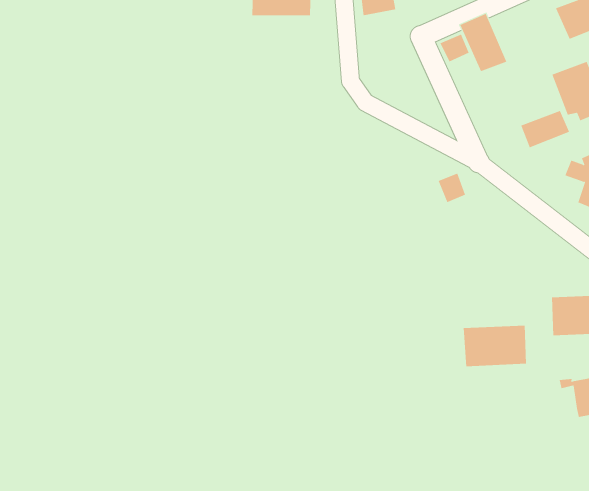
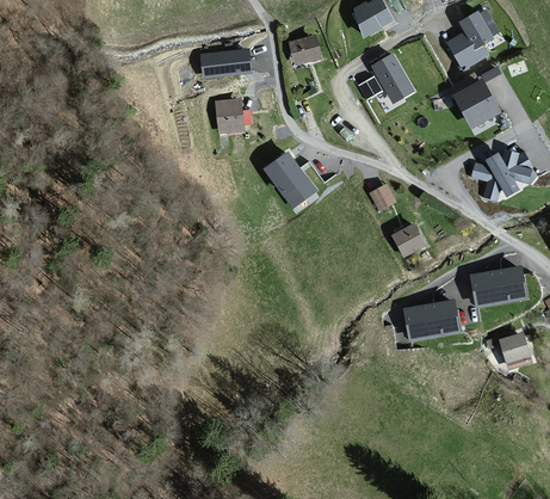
building: none -> [214,99,241,134]
building: [521,110,570,148] -> none
building: none -> [265,152,316,205]
building: none -> [391,224,422,257]

